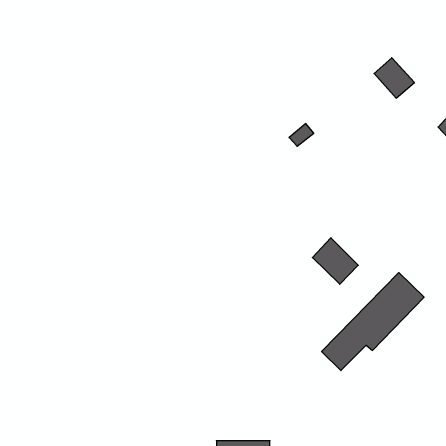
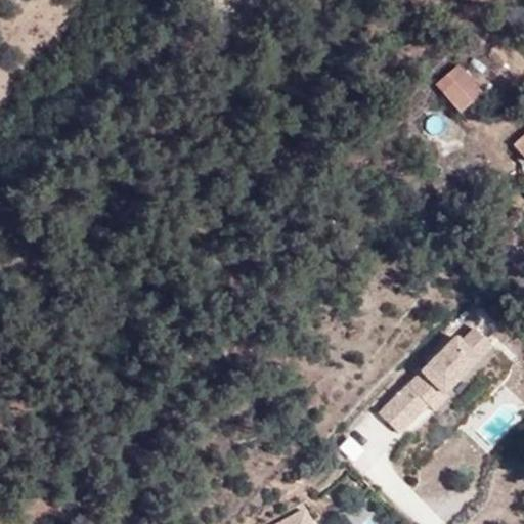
building: [312,238,358,284] -> none

